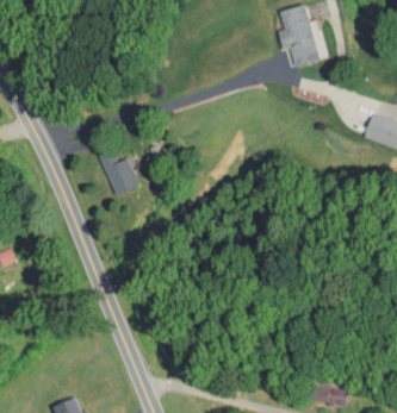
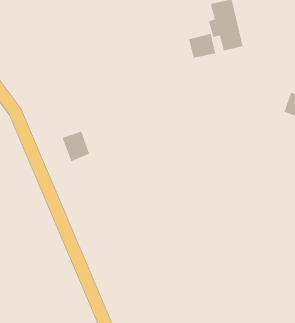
building: none -> [188,33,216,58]

